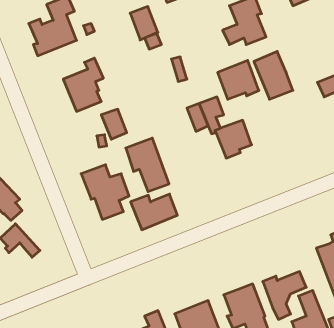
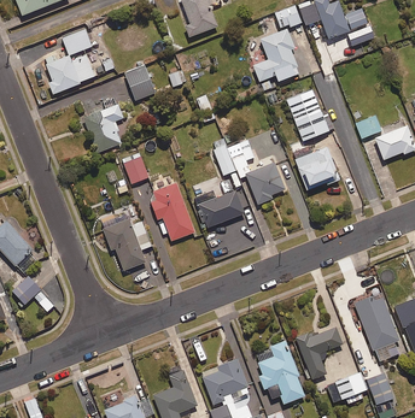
building: [130,7,158,40] -> [124,65,154,101]
building: [218,60,259,99] -> [294,147,339,189]
building: [131,194,177,230] -> [193,190,244,229]

